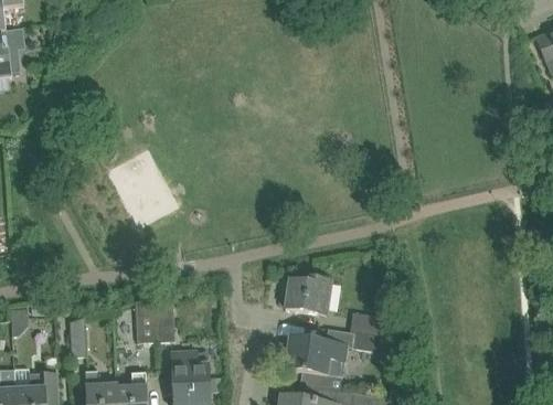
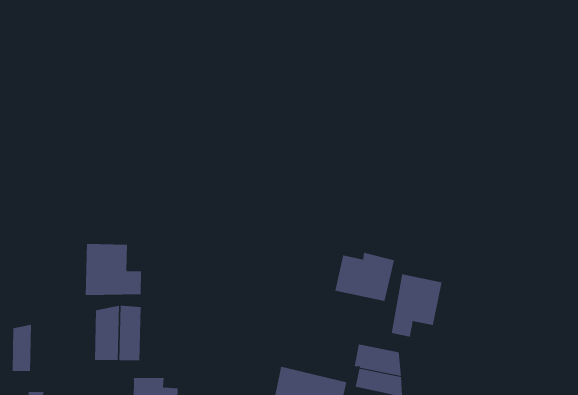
building: none -> [85,243,141,296]
building: none -> [391,273,442,337]
building: [284,275,331,313] -> [334,252,395,301]

